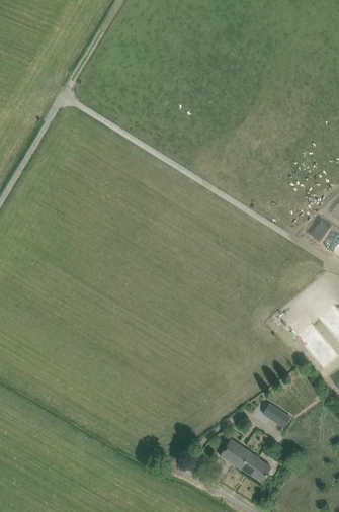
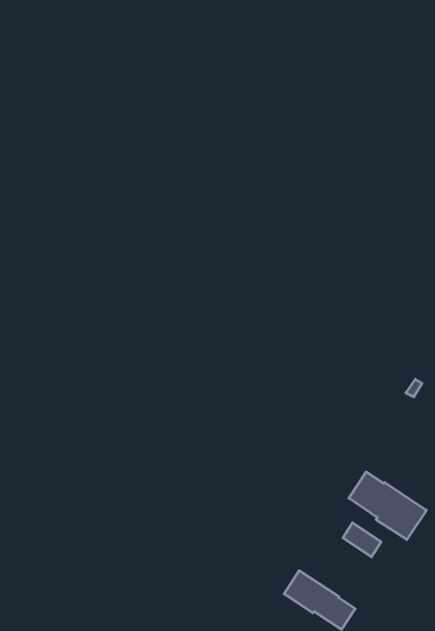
building: none -> [349,472,426,540]

